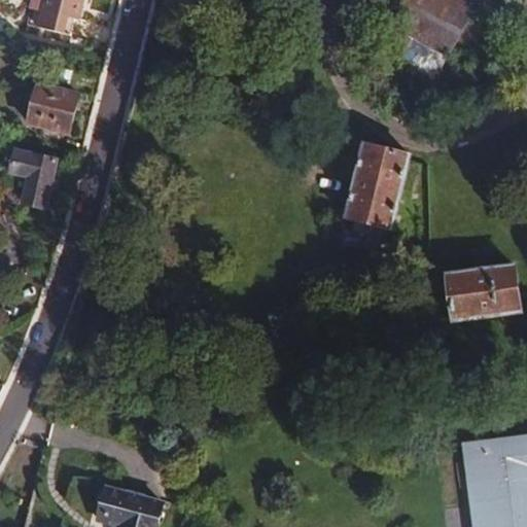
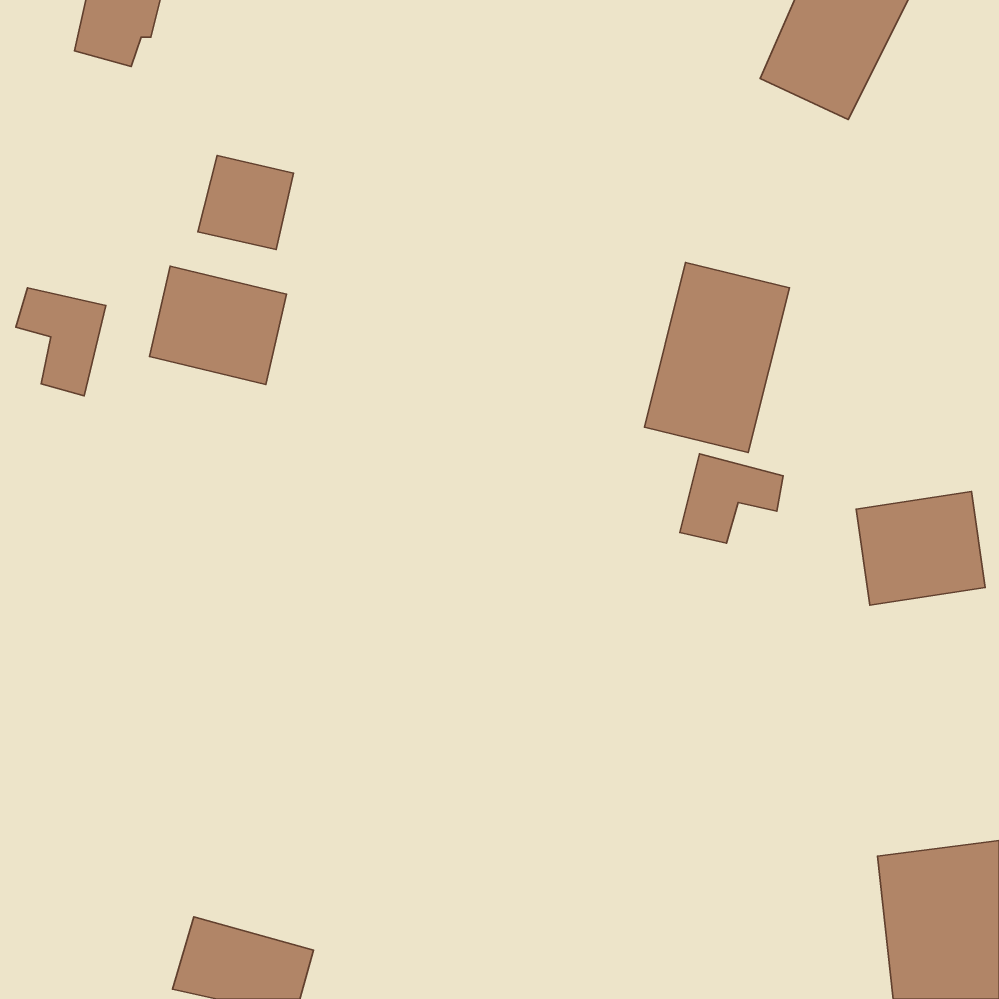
building: [27,84,77,134] -> [198,155,294,249]
building: none -> [149,266,286,384]
building: none -> [680,454,783,543]

